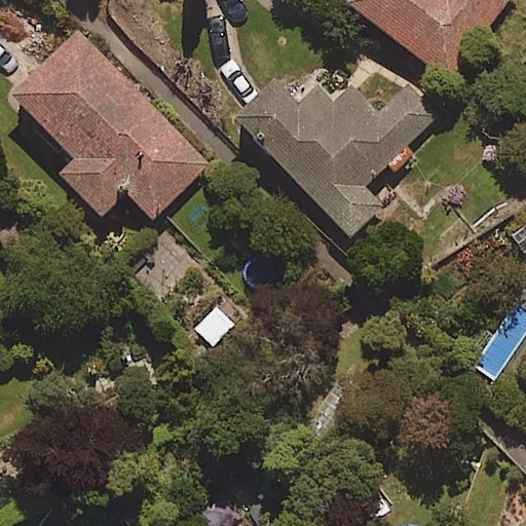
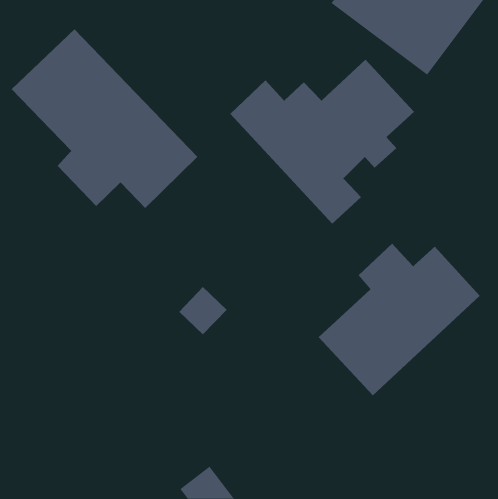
building: none -> [318,243,480,396]

